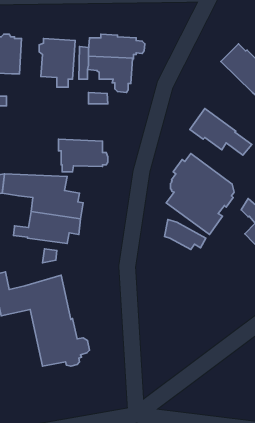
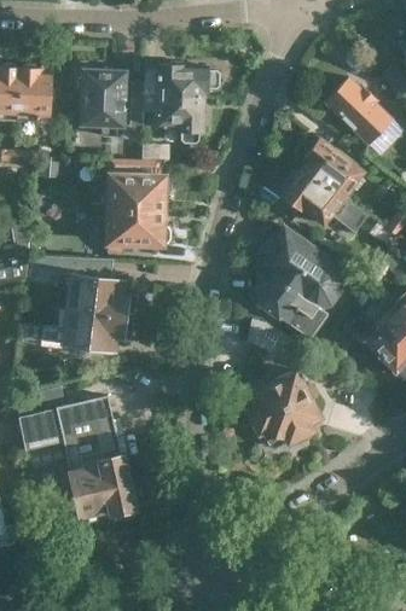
building: none -> [303,138,365,198]
building: none -> [103,161,172,211]
building: none -> [245,371,320,447]

